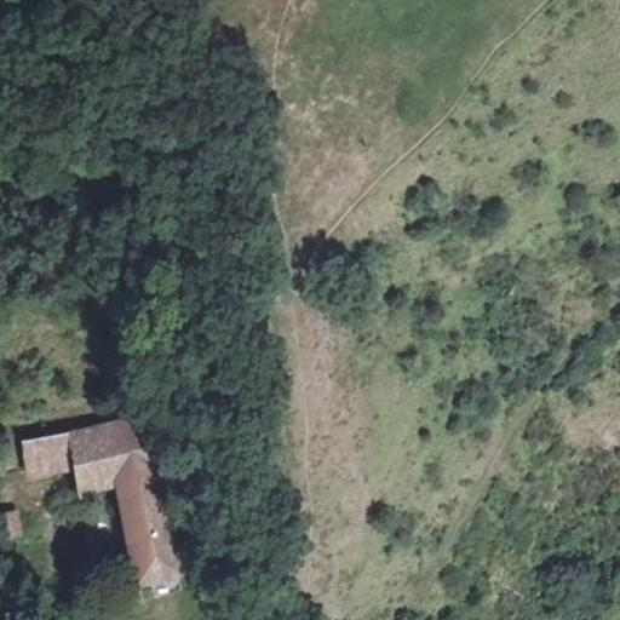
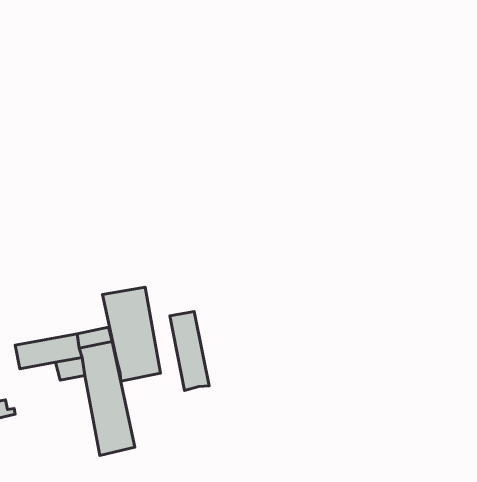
building: none -> [102,287,161,381]
building: none -> [170,311,209,390]

